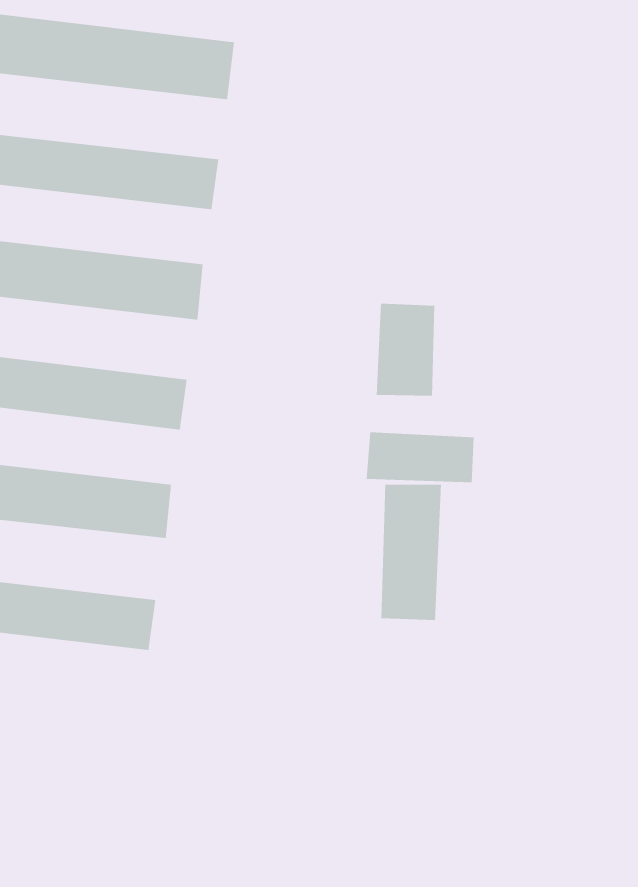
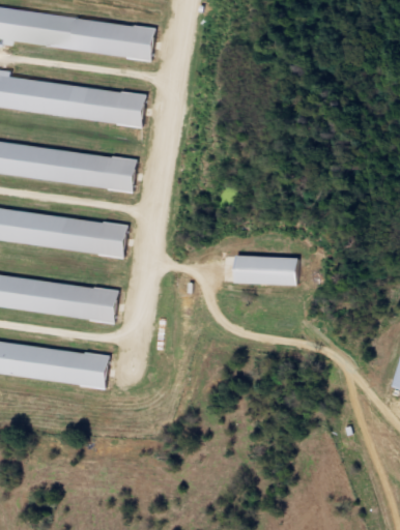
building: [376,303,435,396] -> none
building: [381,484,442,621] -> none

